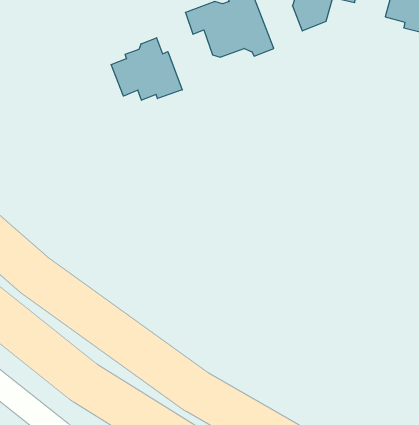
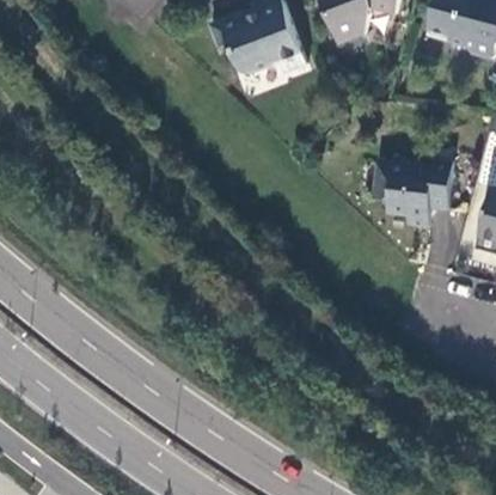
building: [111,38,182,100] -> none
building: none -> [373,160,452,226]

